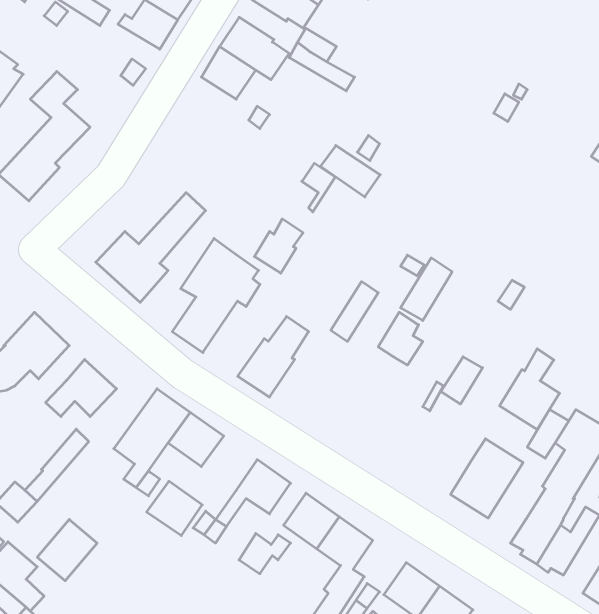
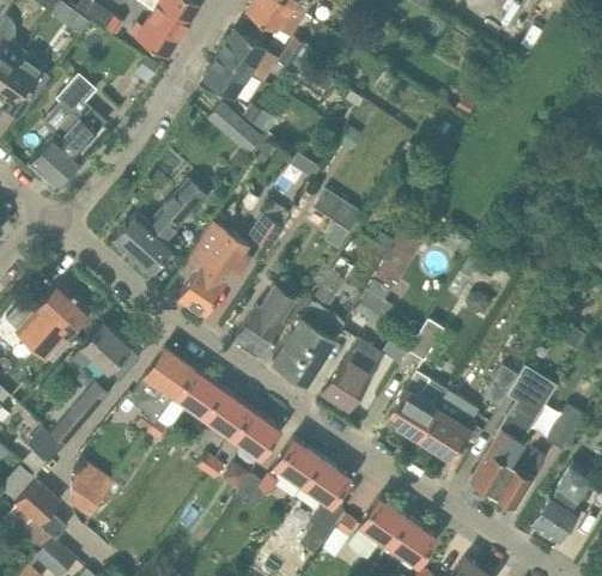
building: none -> [217,113,261,156]
building: [320,145,380,197] -> [311,190,363,235]
building: none -> [272,303,342,383]
building: [500,349,560,429] -> [384,370,436,439]
building: none -> [321,338,383,411]
building: [147,481,202,536] -> [202,389,250,436]

